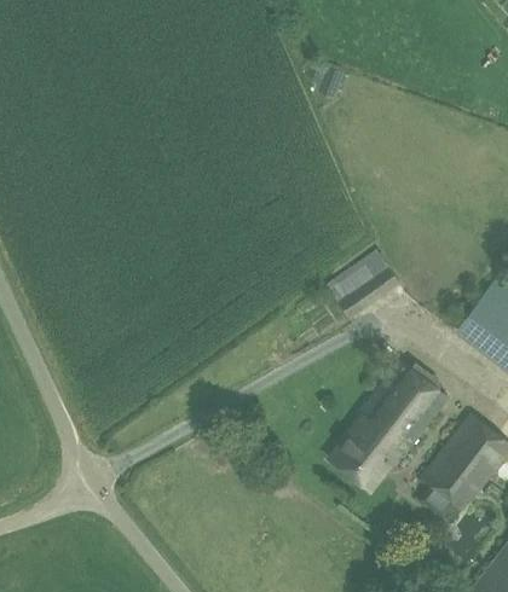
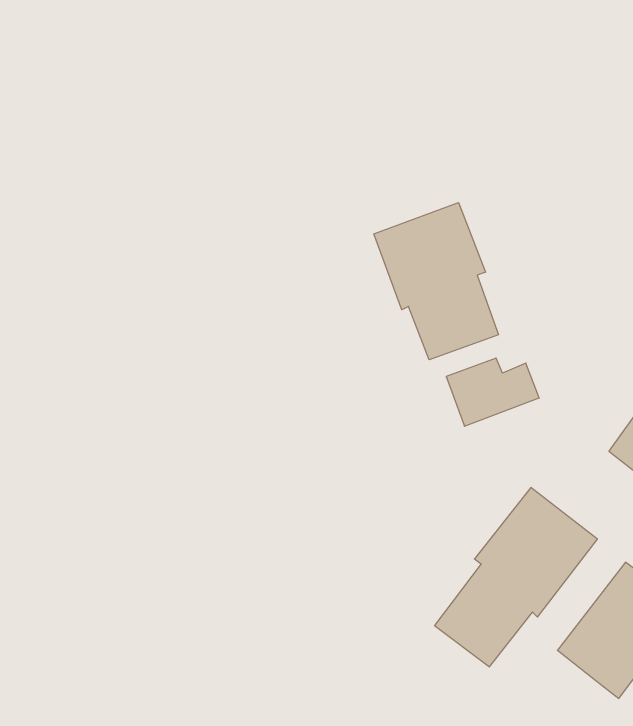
building: none -> [374,203,499,360]

